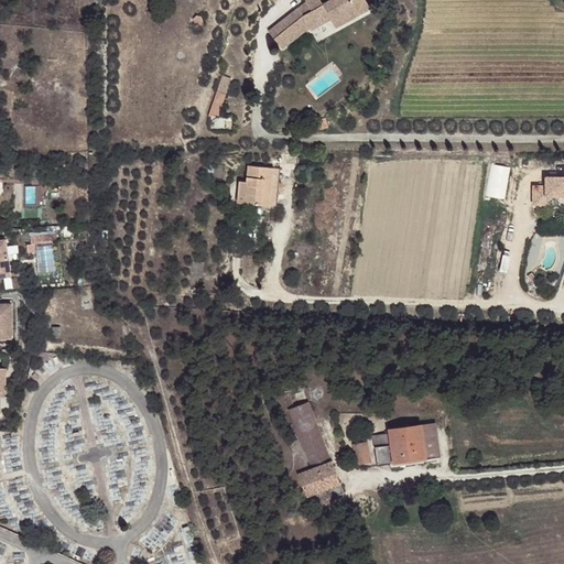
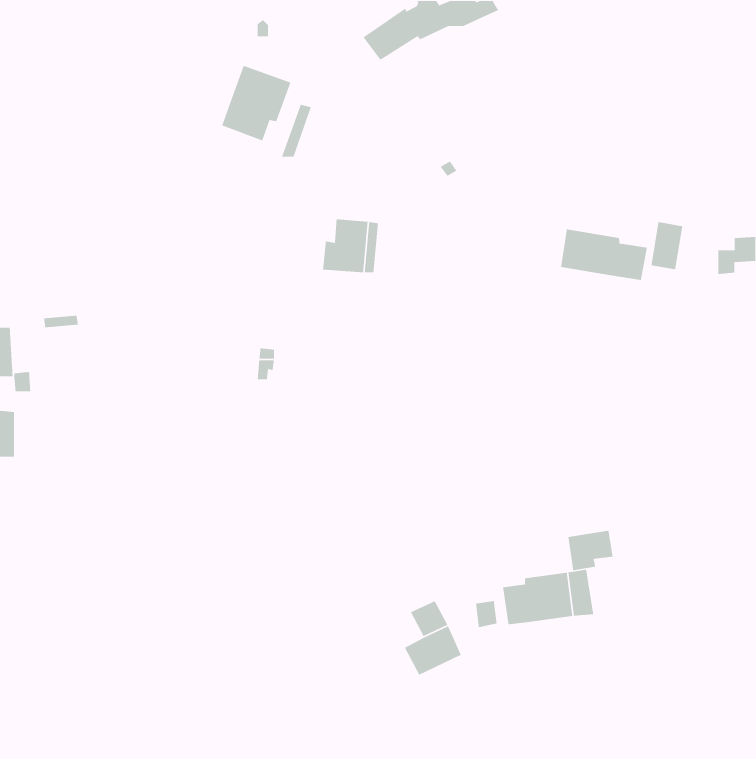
building: none -> [221,65,291,142]
building: none -> [560,229,648,281]
building: none -> [568,530,614,571]
building: [283,405,323,454] -> none

